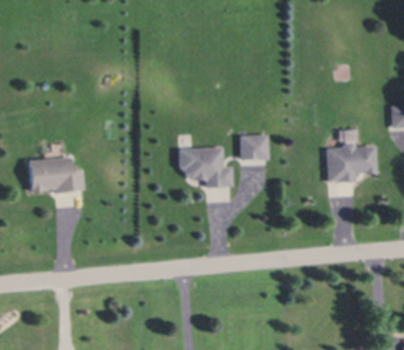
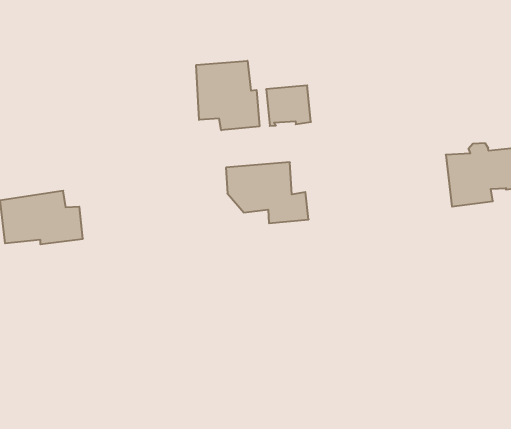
building: none -> [196,61,259,130]
building: [240,134,268,159] -> [266,85,311,126]

